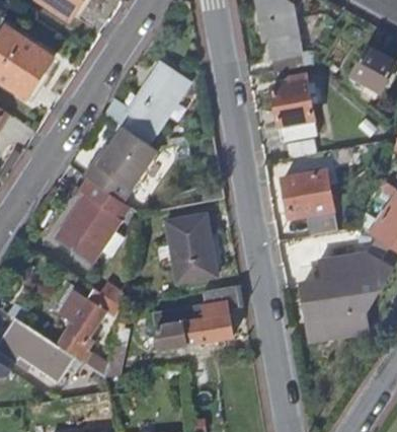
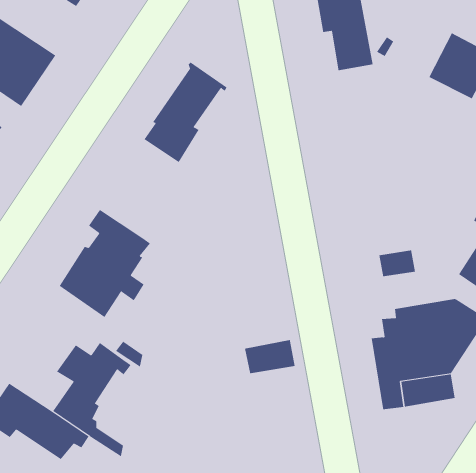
building: [271,75,318,139] -> none
building: [83,126,157,203] -> none
building: [284,170,333,217] -> none
building: [166,214,217,283] -> none
building: [151,308,232,349] -> none

